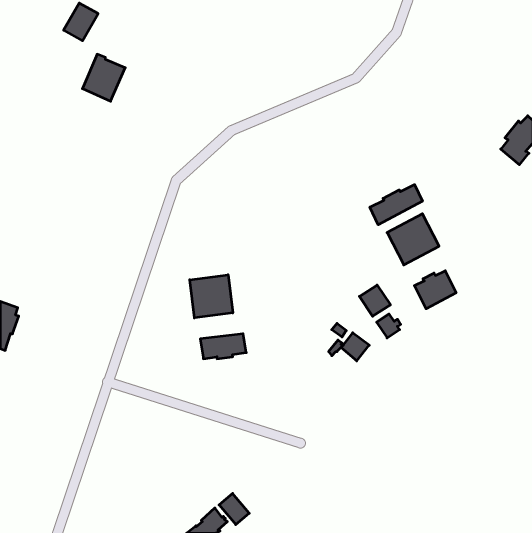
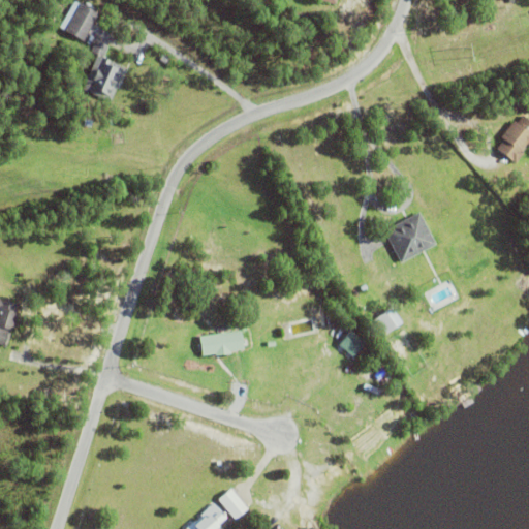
building: [370,185,422,225] -> none
building: [414,271,456,309] -> none
building: [190,275,233,318] -> none
building: [359,285,390,316] -> none

